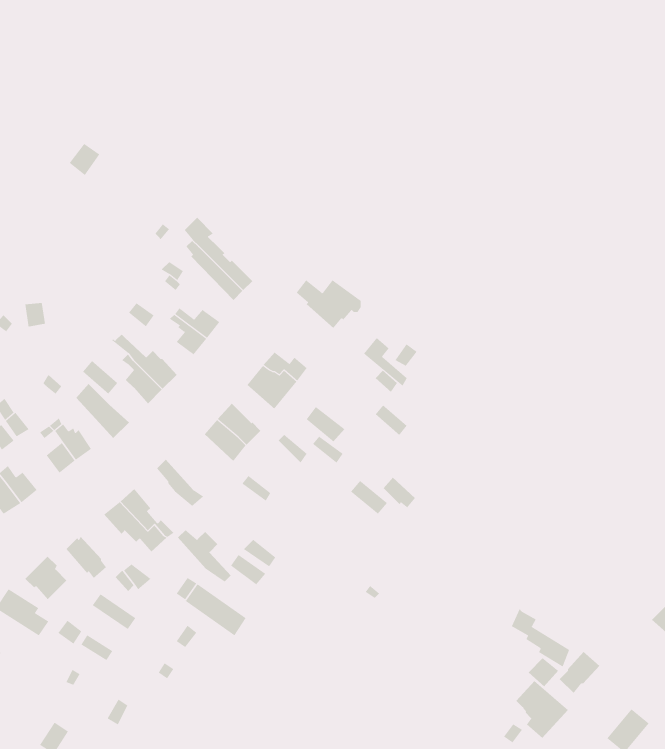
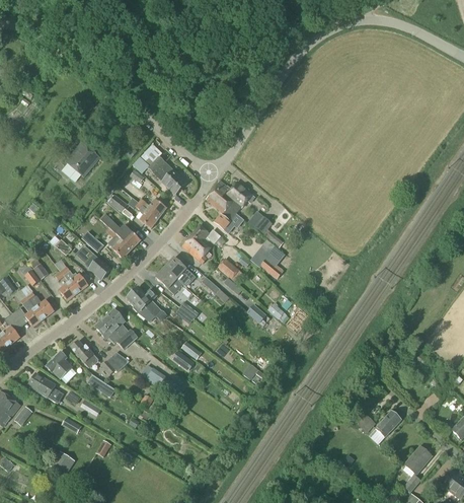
building: none -> [65,143,98,176]
building: none -> [206,190,236,232]
building: [177,529,231,582] -> [133,287,166,319]
building: [511,608,570,667] -> none
building: [516,680,569,739] -> none

